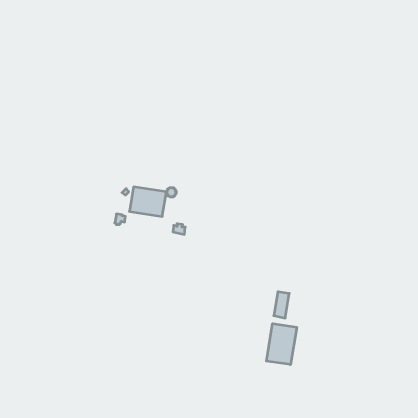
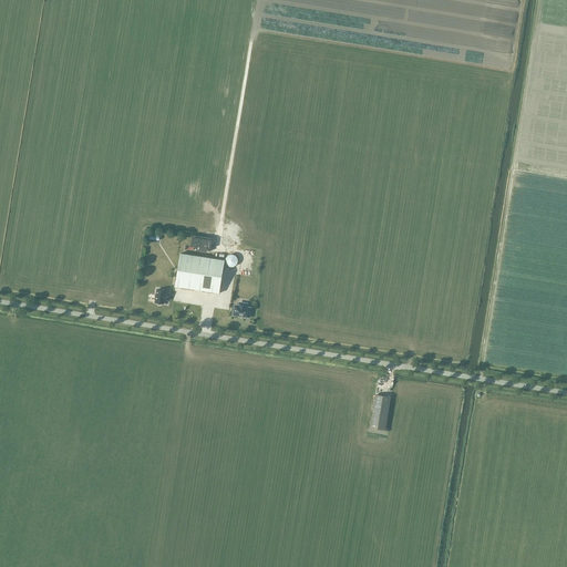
building: [266,324,297,365] -> none

